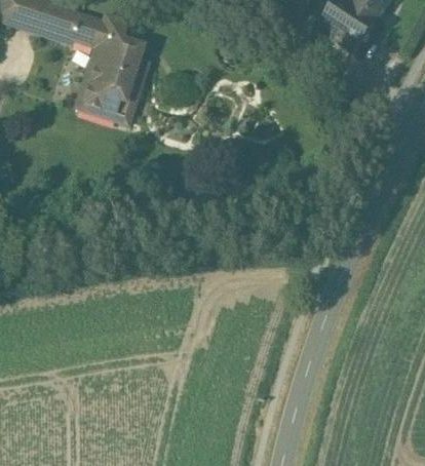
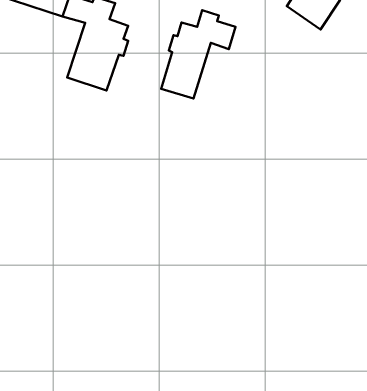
building: none -> [161,10,236,99]

